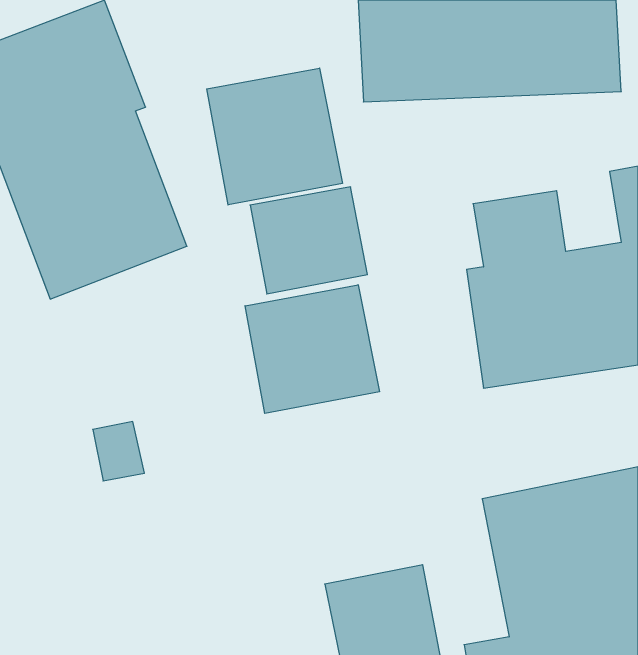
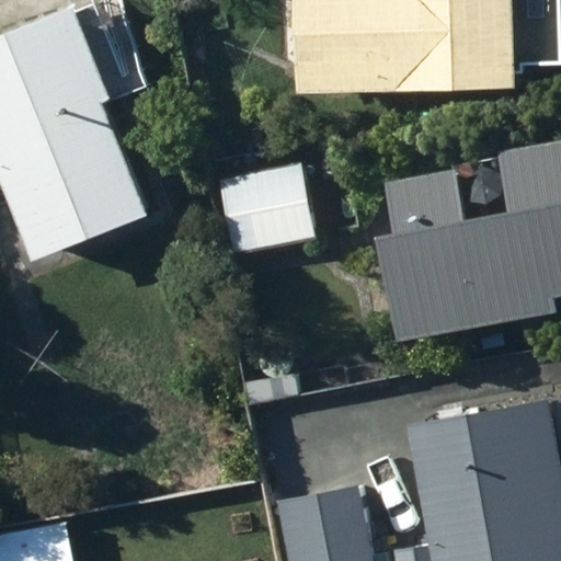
building: [207,68,342,205] -> none
building: [245,285,379,413] -> none

